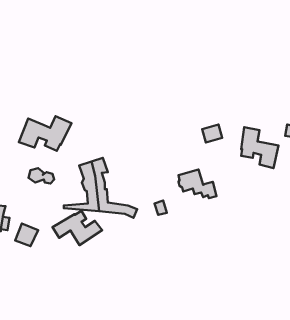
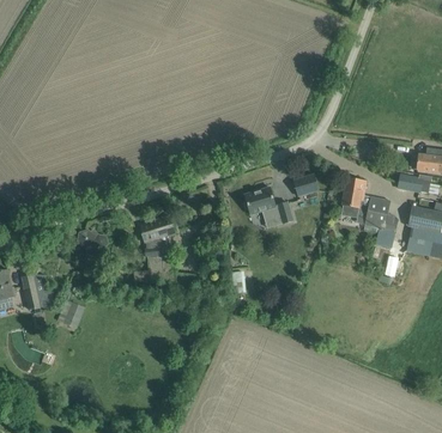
building: [19,116,72,151] -> none
building: [178,170,217,198] -> [243,187,291,222]
building: [53,211,102,245] -> none

